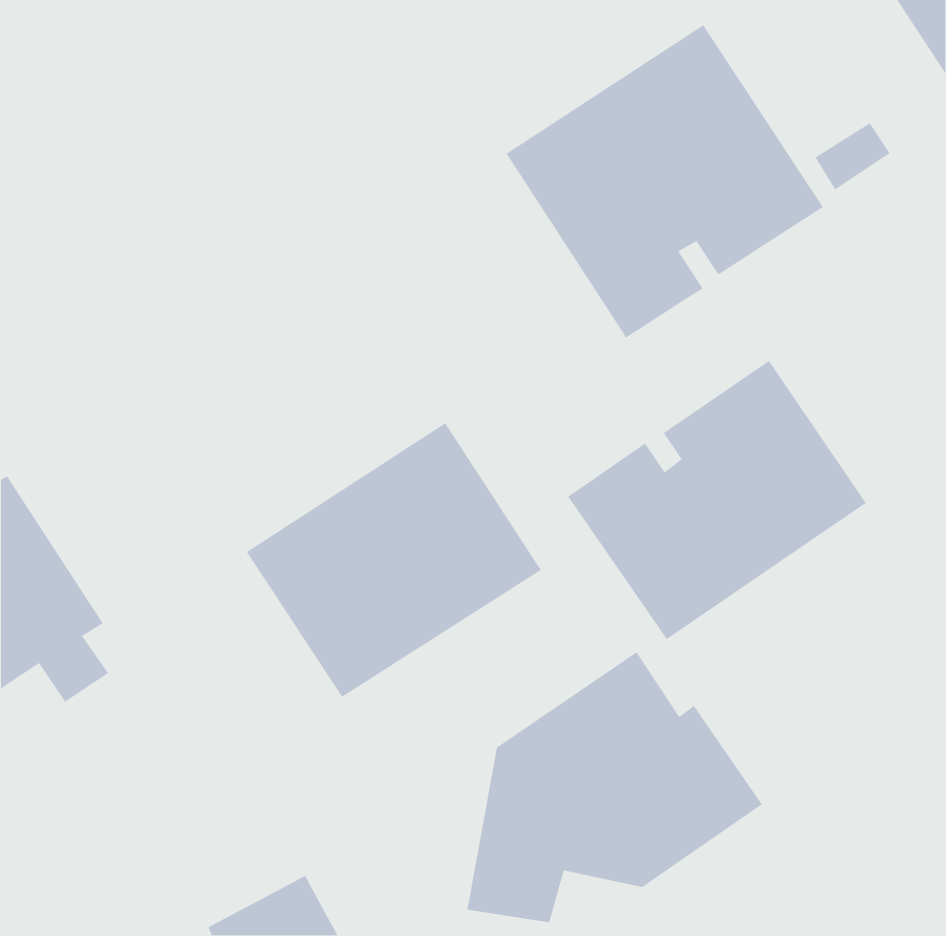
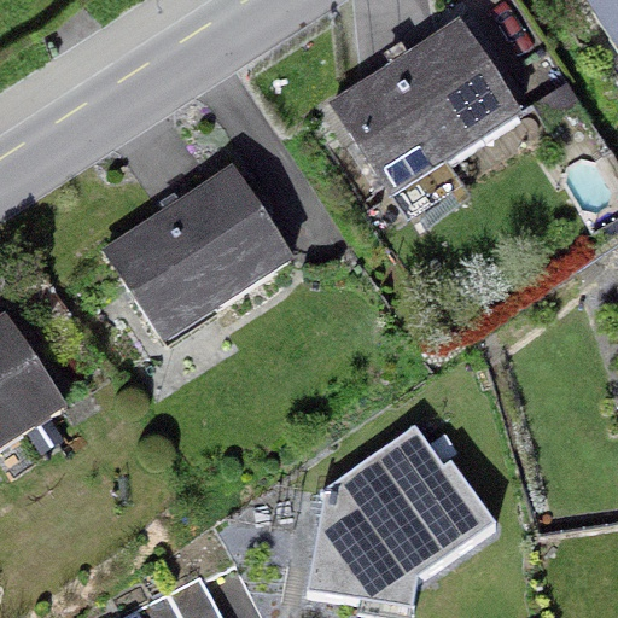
building: [567,360,867,640] -> none
building: [246,422,542,698] -> [101,164,295,344]

